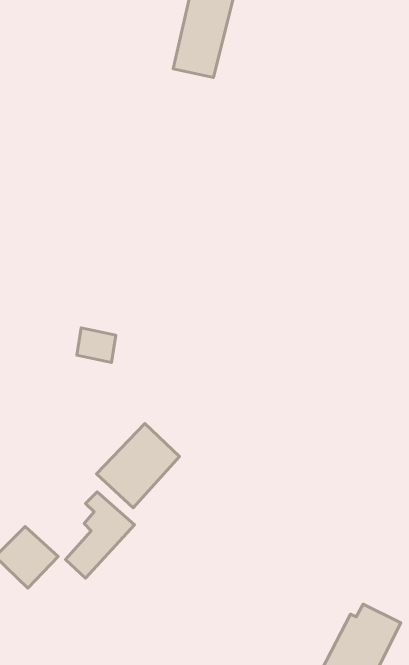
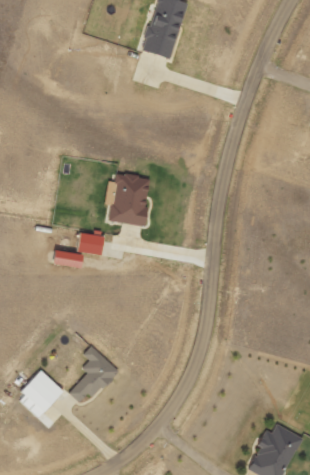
building: none -> [104,173,151,226]
building: [96,424,180,508] -> none

